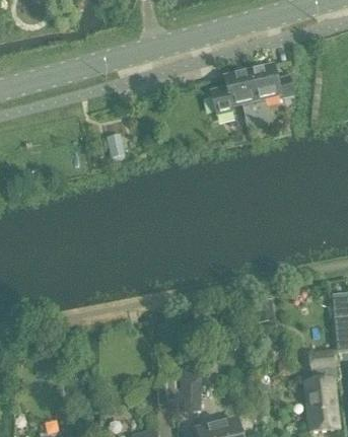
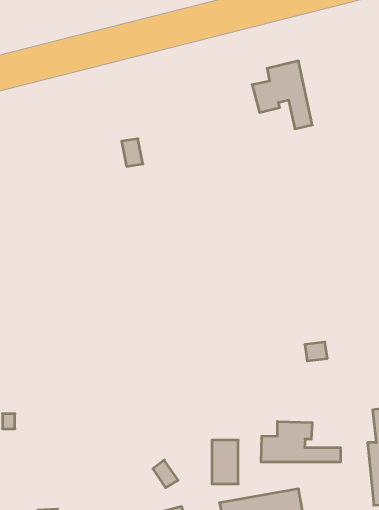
building: [250,63,293,121] -> none
building: none -> [261,421,340,462]

